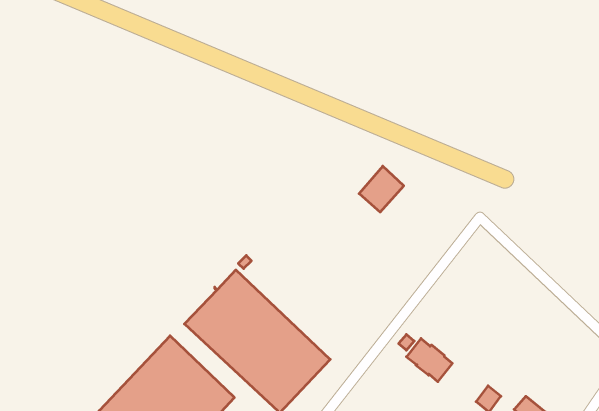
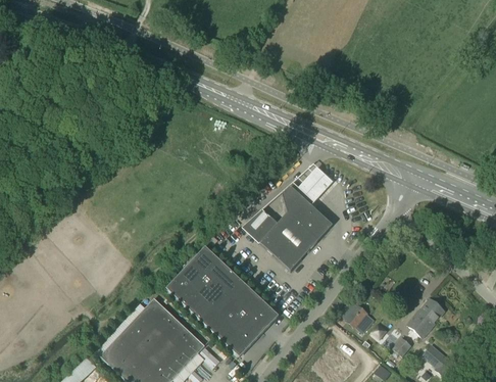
building: none -> [244,185,331,270]
building: none -> [406,296,443,335]

